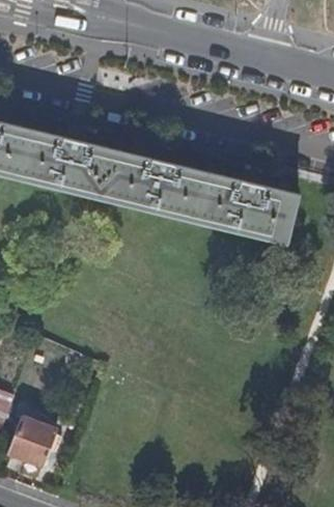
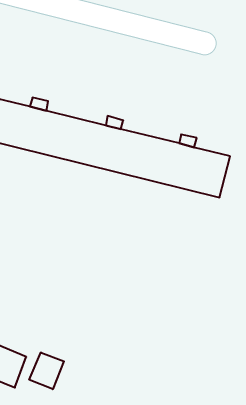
building: none -> [29,352,64,389]

